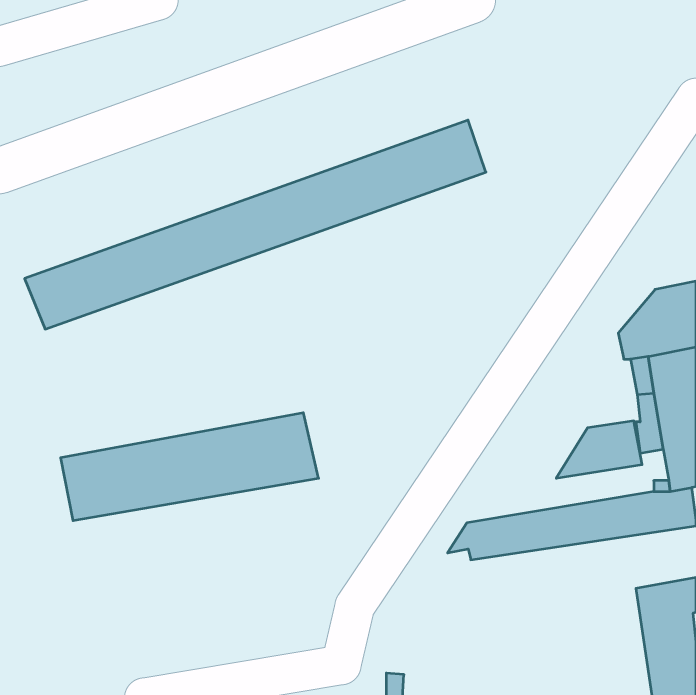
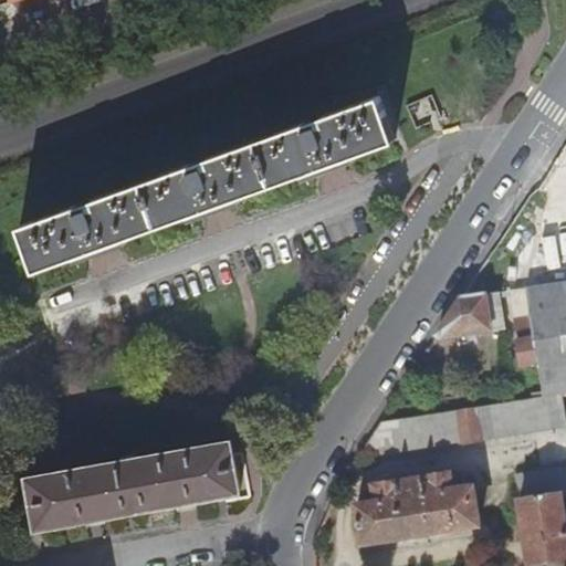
building: [61,413,319,521] -> [31,441,240,528]
building: [556,421,642,478] -> [434,295,504,342]
building: none -> [356,479,480,549]

